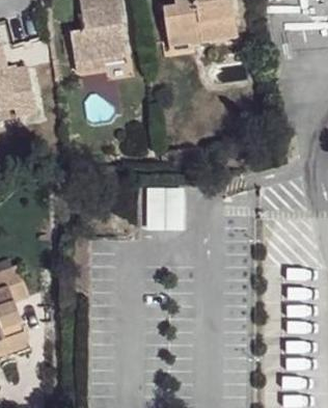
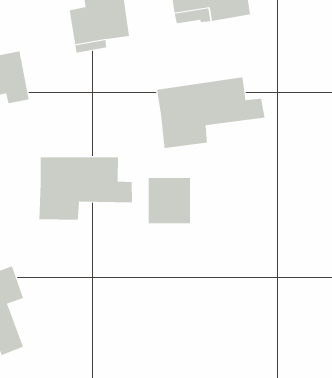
building: none -> [157,76,265,149]
building: none -> [39,156,133,220]

